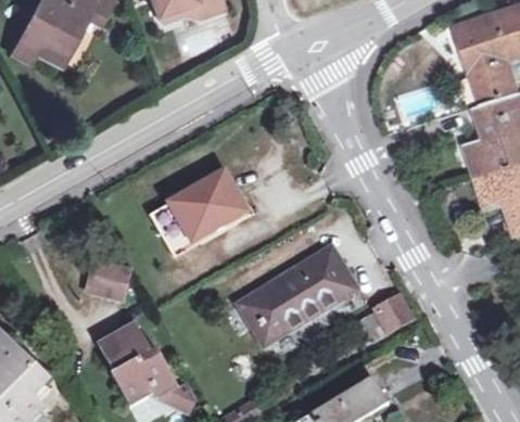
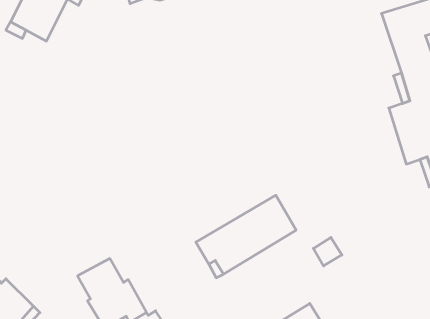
building: [151,172,249,252] -> none
building: [85,259,128,296] -> none

